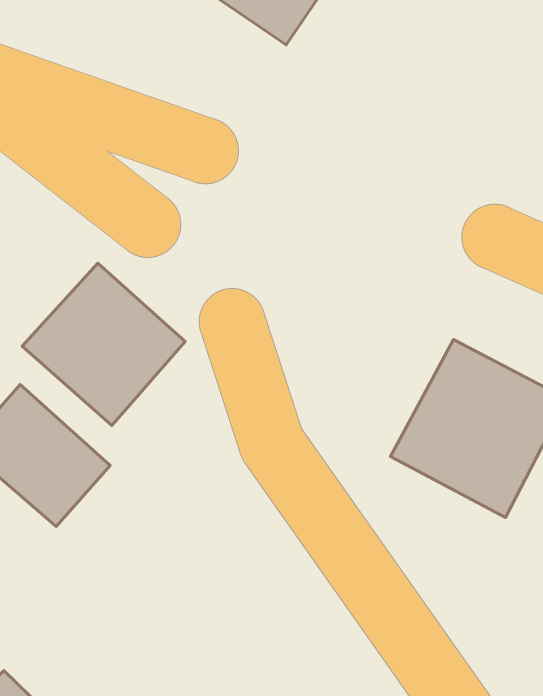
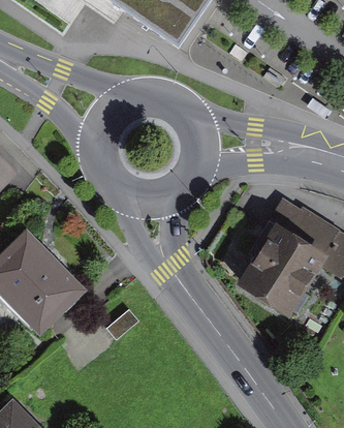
building: [22,263,185,425] -> none

